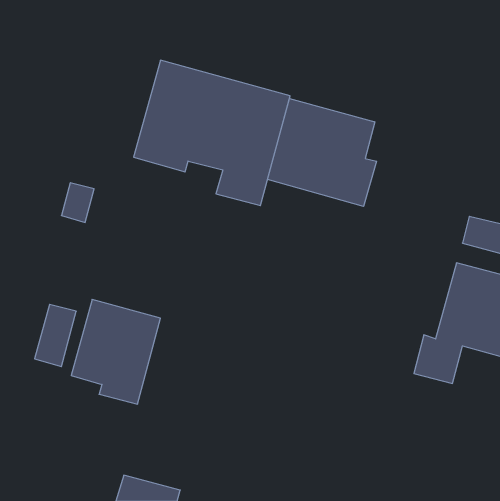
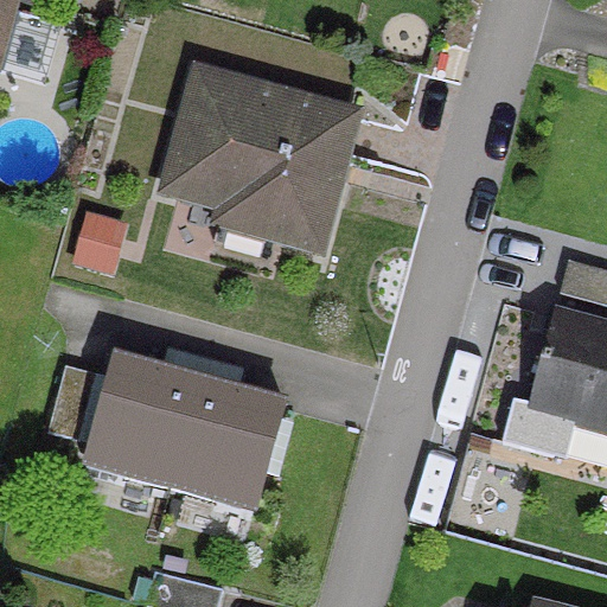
building: [267,98,377,206] -> none
building: none -> [172,382,282,498]

